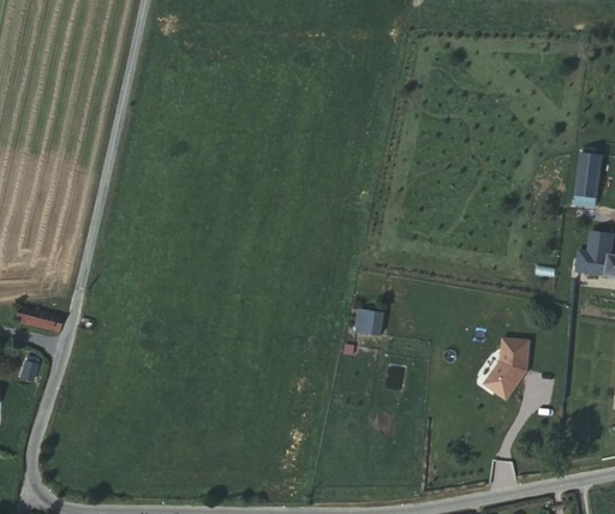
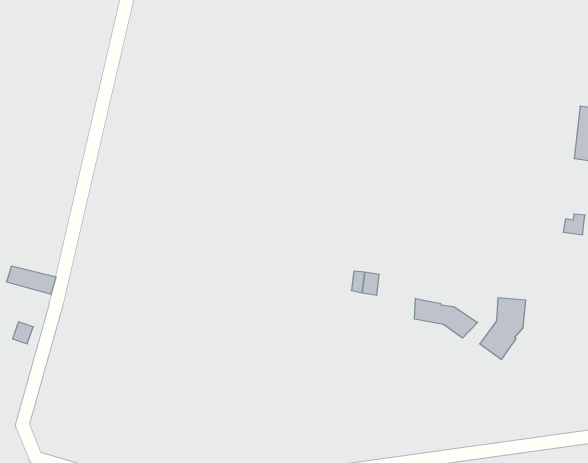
building: none -> [415,298,478,338]

